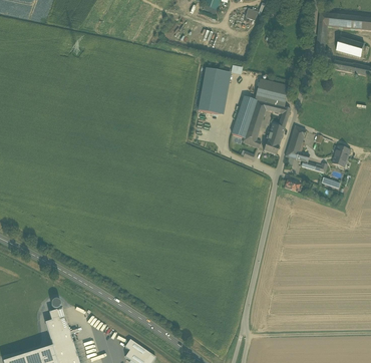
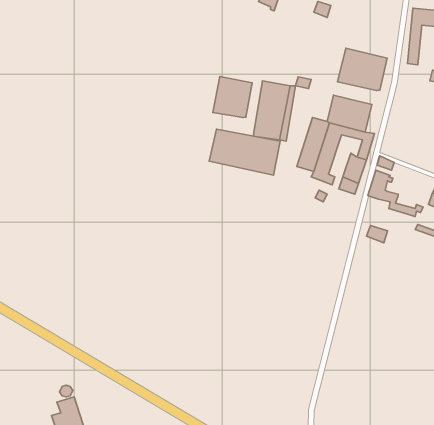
building: none -> [337,48,387,90]
building: none -> [213,77,252,118]
building: none -> [209,129,280,175]

